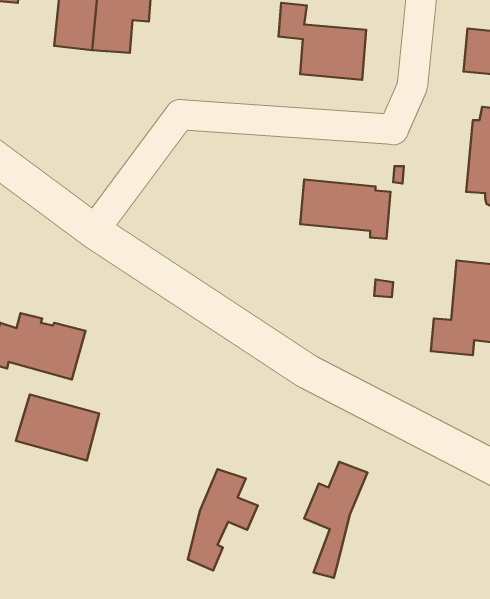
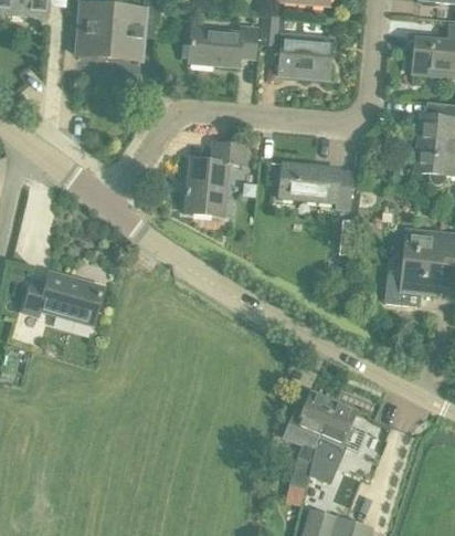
building: none -> [189,28,256,67]
building: none -> [184,144,247,218]
building: [16,395,99,460] -> none
building: [188,469,258,570] -> [309,401,367,484]

